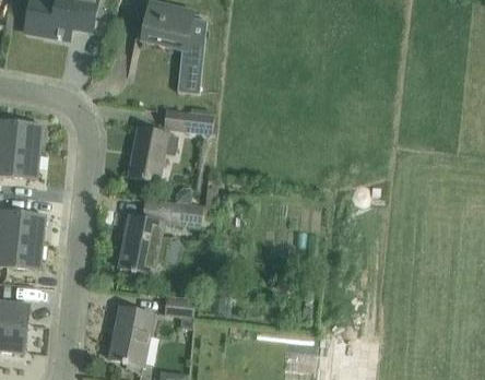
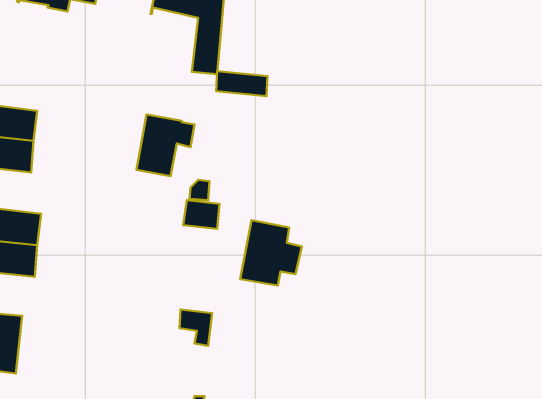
building: [165,112,210,134] -> [216,71,268,96]
building: [119,215,173,272] -> [240,220,302,285]
building: [109,307,153,365] -> none

